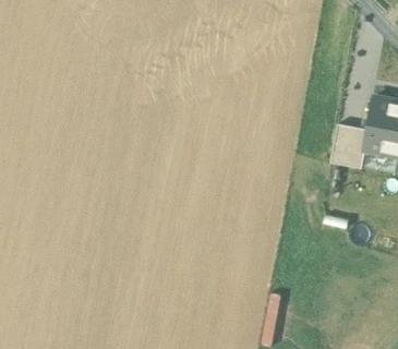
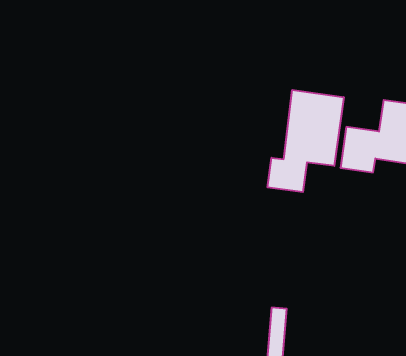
building: none -> [268,90,344,192]

